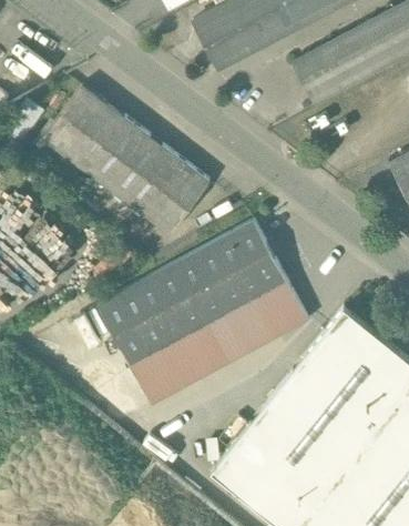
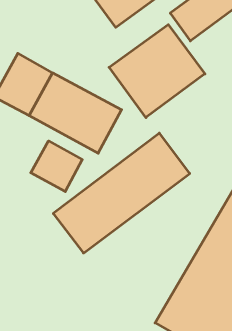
building: none -> [109,25,205,118]
building: none -> [31,141,82,192]
building: [130,279,308,403] -> none

